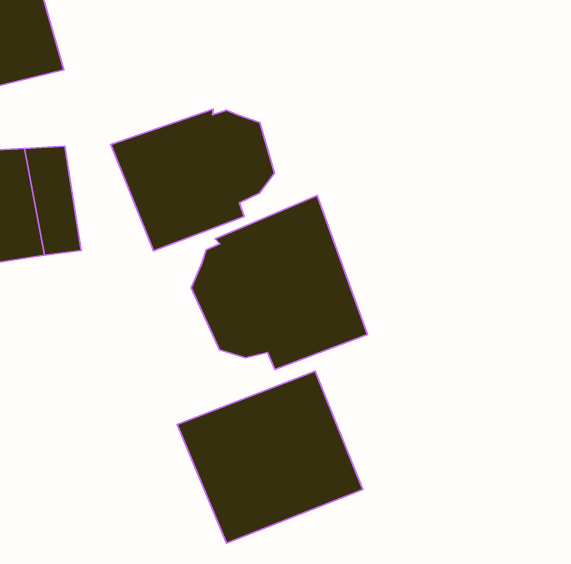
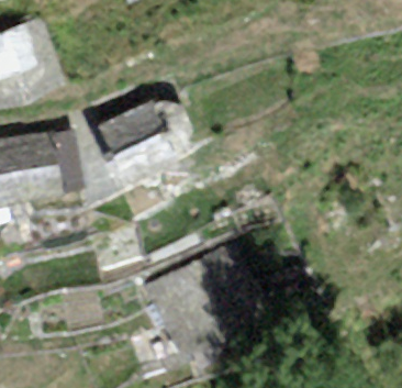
building: [191,196,368,370] -> none

